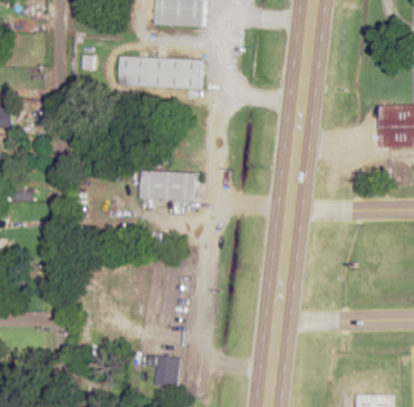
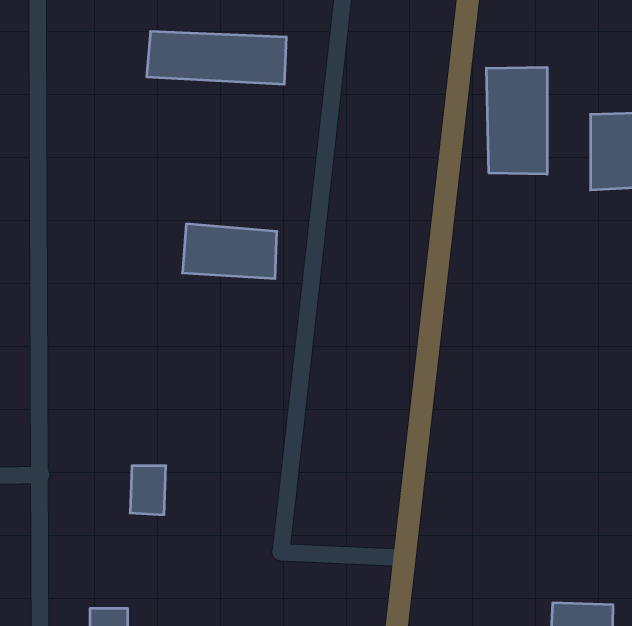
building: none -> [486,67,547,174]
building: [153,357,174,386] -> [130,466,166,515]

